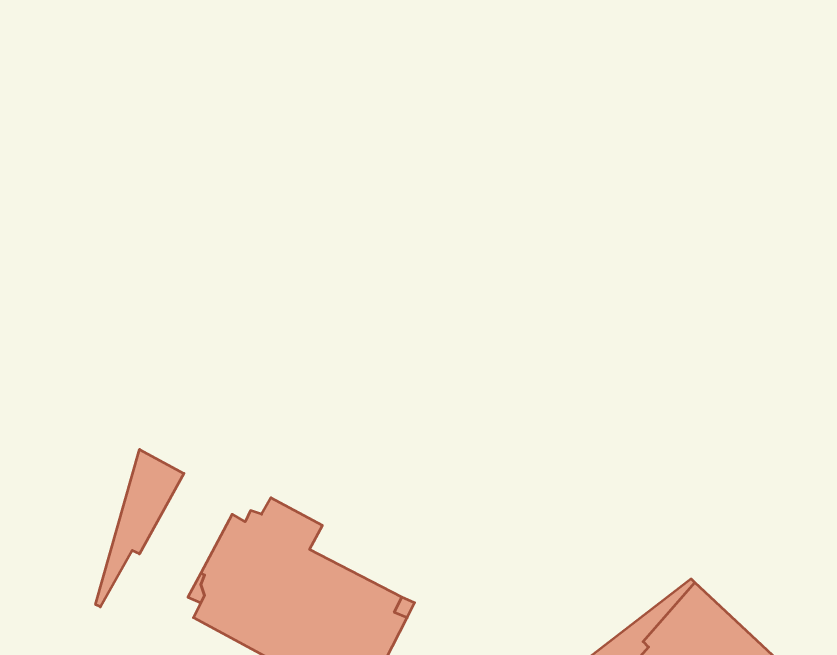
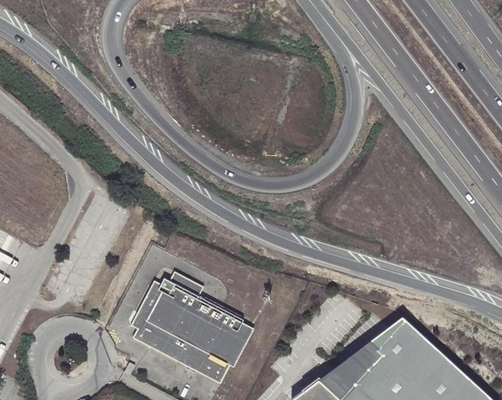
building: [96,449,184,607] -> none

